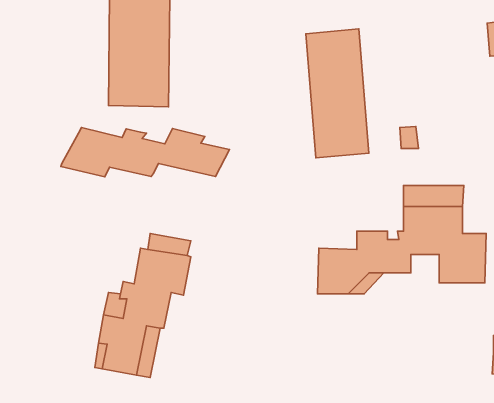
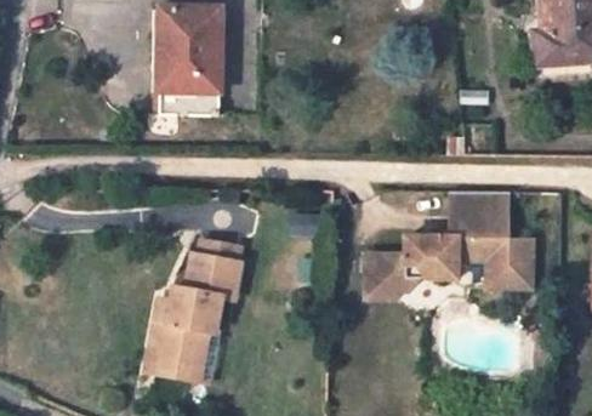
building: [306,29,369,158] -> none
building: [61,127,229,177] -> none

